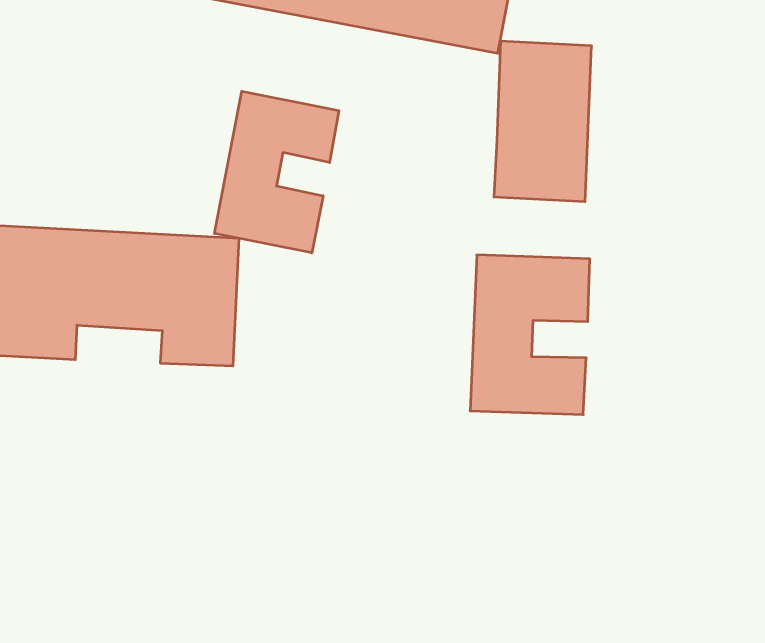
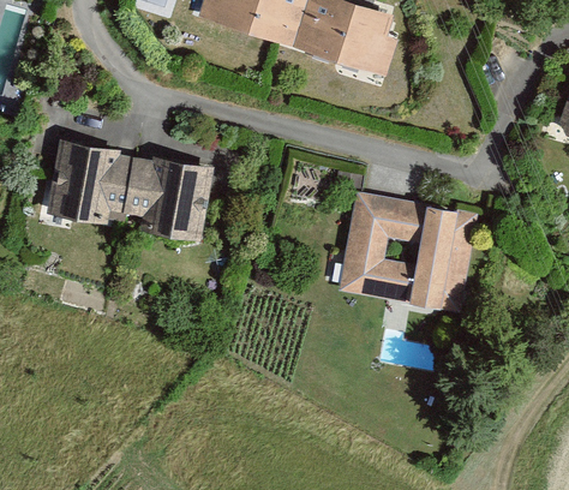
building: [494,41,592,202] -> [407,205,477,307]
building: [215,91,339,253] -> none

